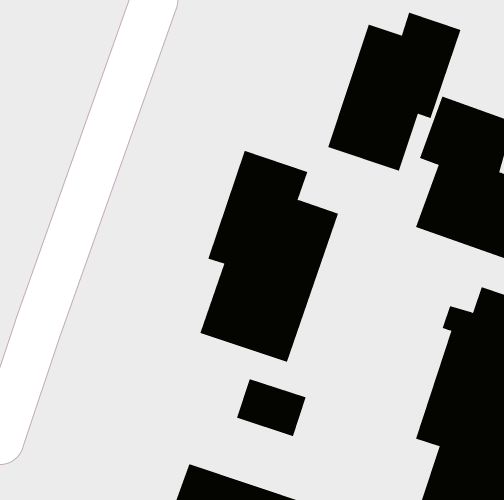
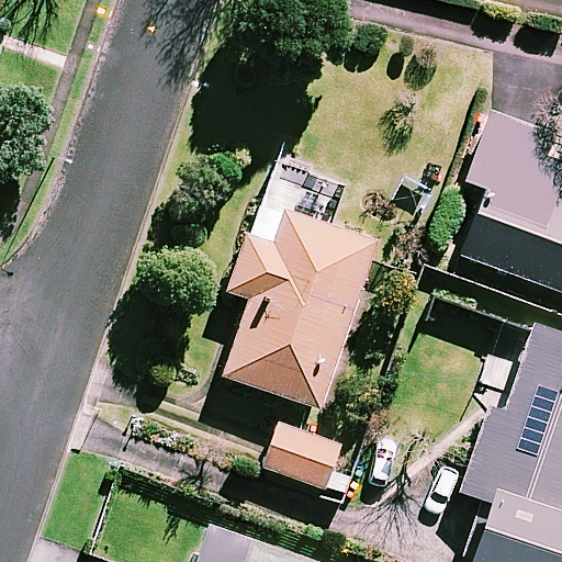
building: [328,12,461,172] -> none

